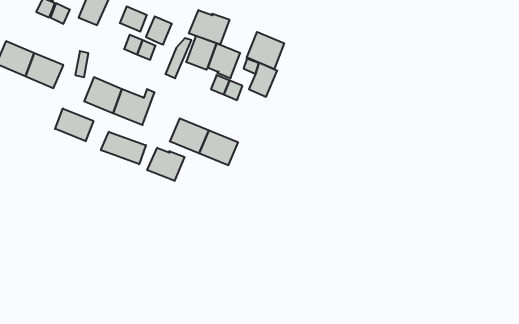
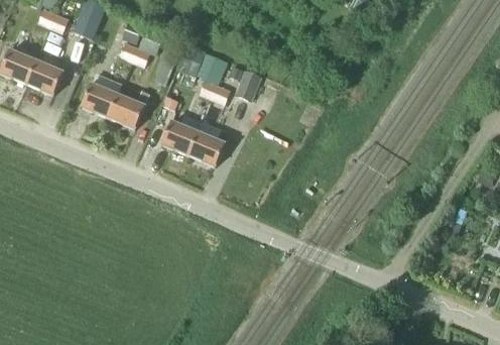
building: [189,10,229,45] -> none
building: [247,32,284,69] -> none
building: [55,108,93,141] -> none
building: [101,132,146,164] -> none
building: [147,148,184,181] -> none

